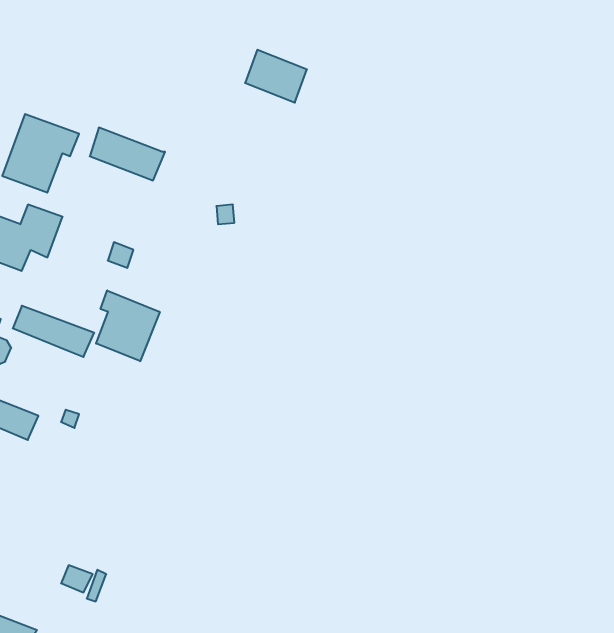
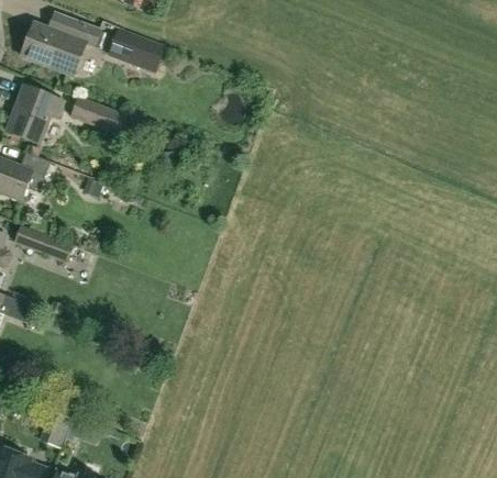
building: none -> [20,15,104,74]
building: [245,50,307,103] -> [107,27,152,66]
building: [96,290,160,361] -> none

